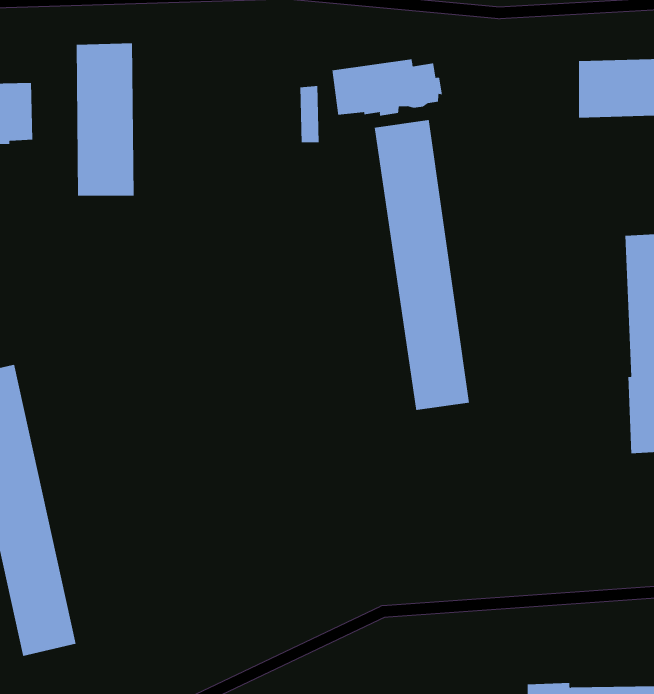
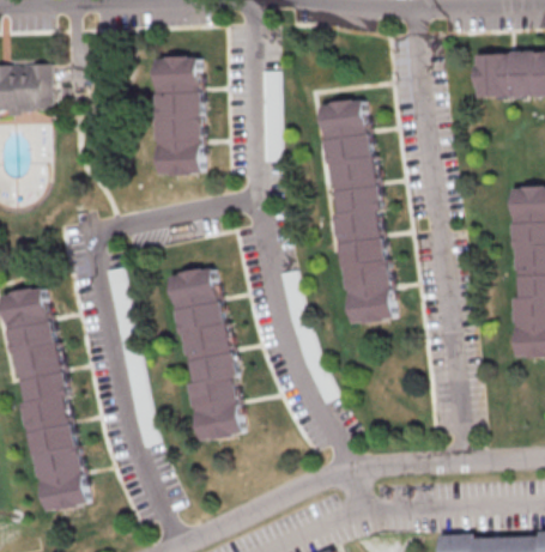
building: [76,43,135,196] -> [155,55,200,174]
building: [332,58,443,116] -> none
building: none -> [169,266,242,441]

